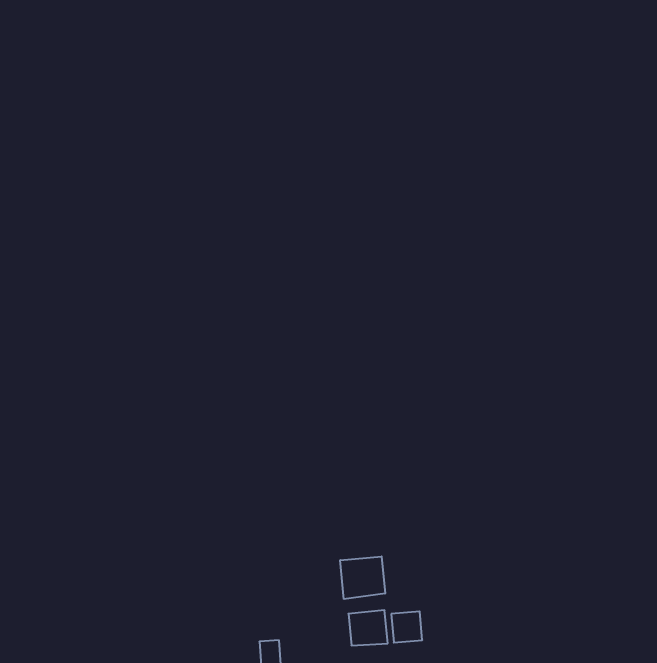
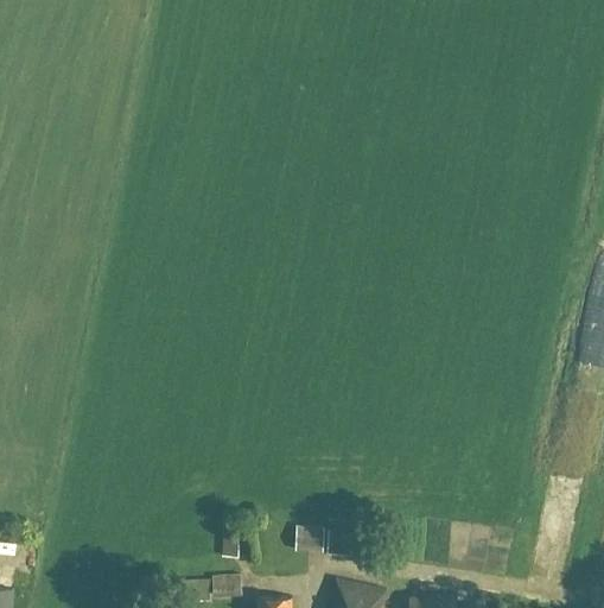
building: [340,556,385,599] -> none

